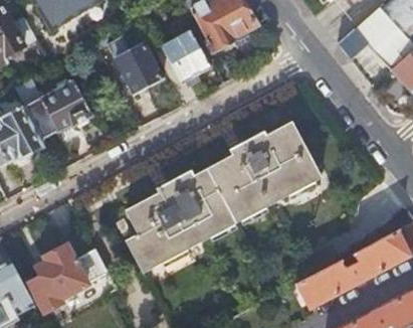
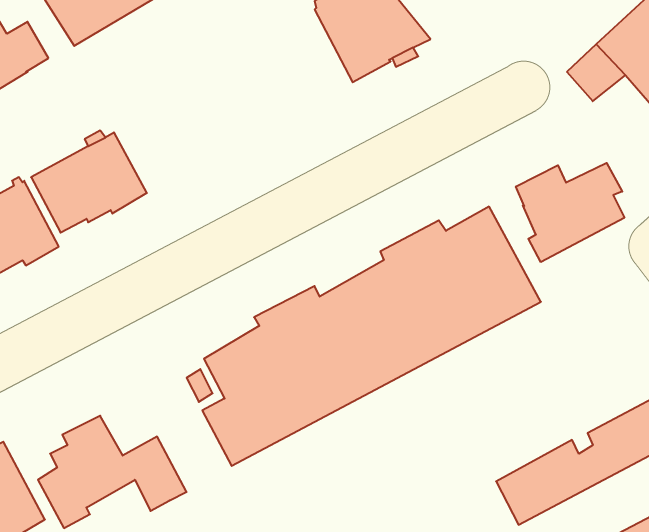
building: [94,29,164,96] -> none
building: [163,33,211,105] -> none
building: none -> [516,163,624,262]

